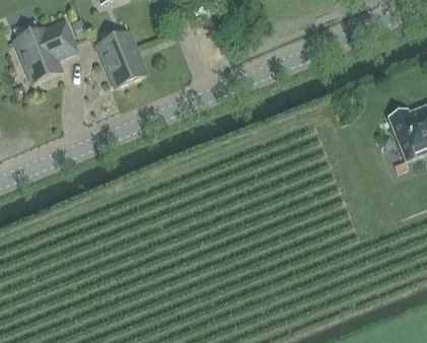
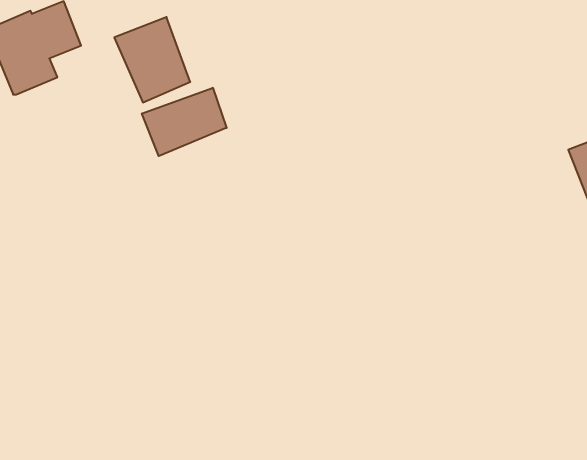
building: none -> [142,88,227,156]

